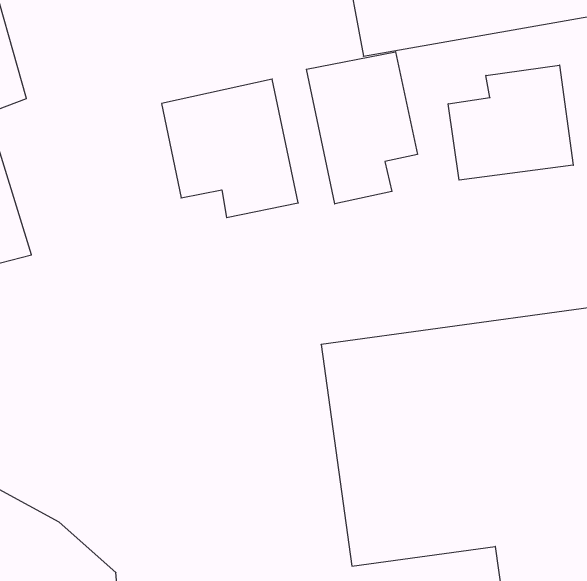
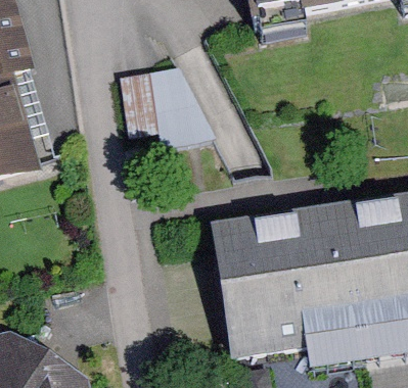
building: [306,52,417,204] -> none
building: [448,65,573,180] -> none

